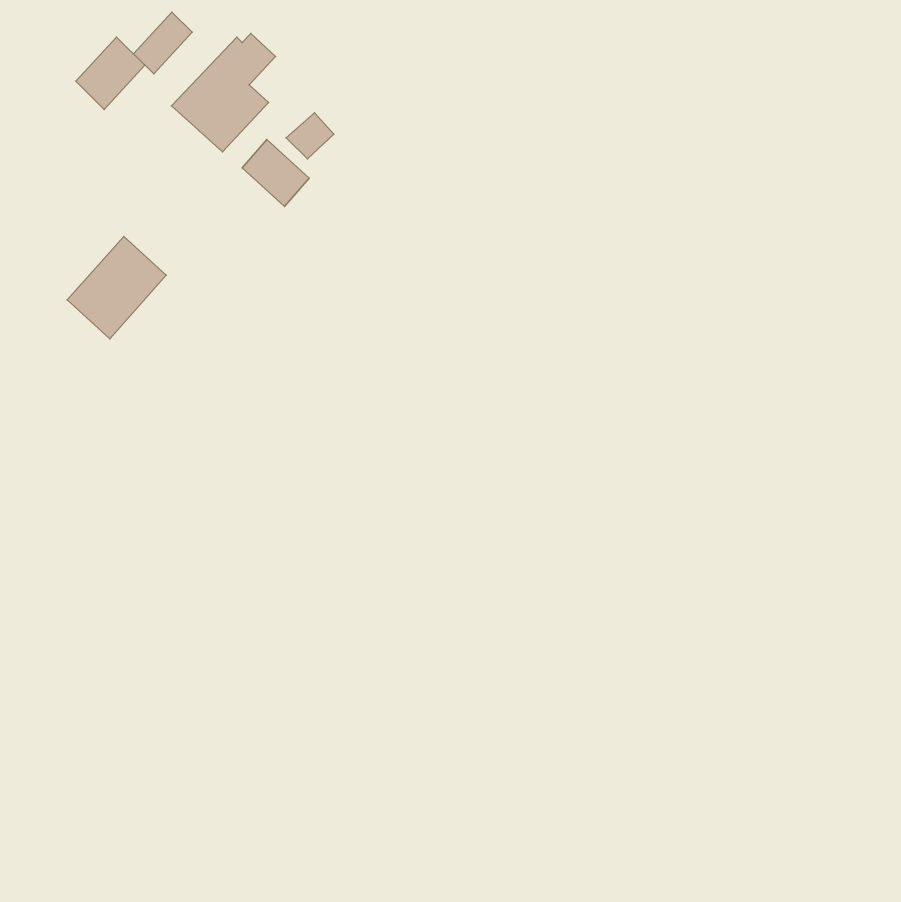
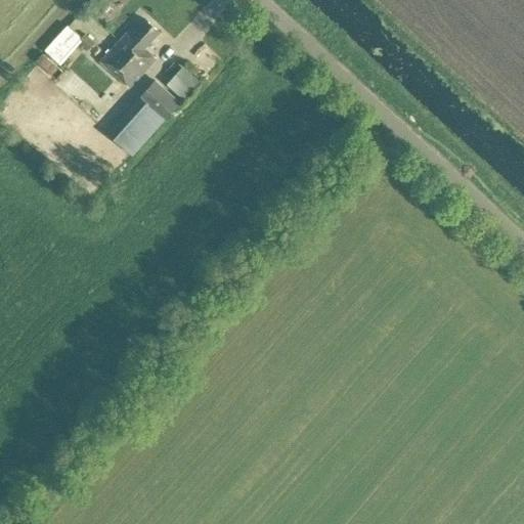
building: [133,12,192,74] -> none
building: [67,236,166,339] -> [108,97,166,157]

